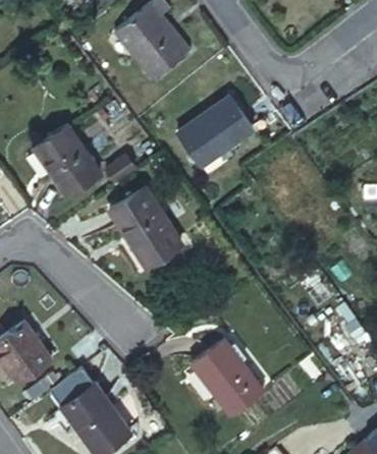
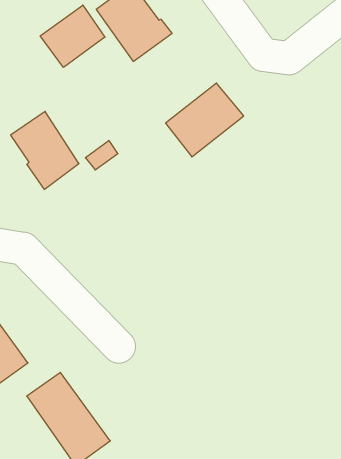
building: none -> [40,5,105,67]
building: [108,186,181,265] -> none
building: [195,341,262,415] -> none

